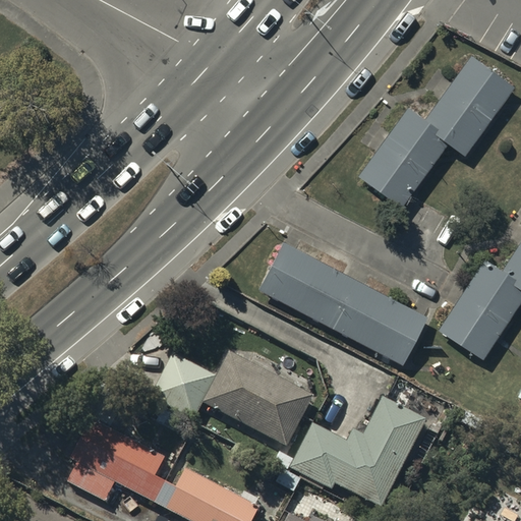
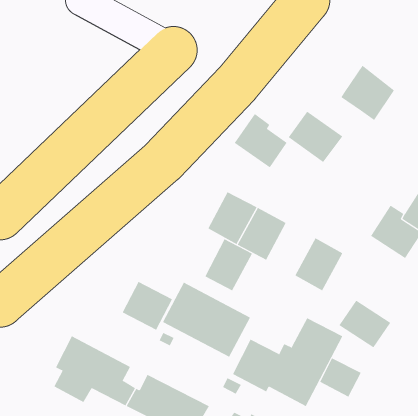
building: [451,57,514,117] -> none
building: [383,106,449,174] -> [234,113,287,168]
building: [333,281,393,346] -> [204,239,253,291]
building: [440,297,505,357] -> [338,300,391,348]
building: none -> [319,358,362,398]

